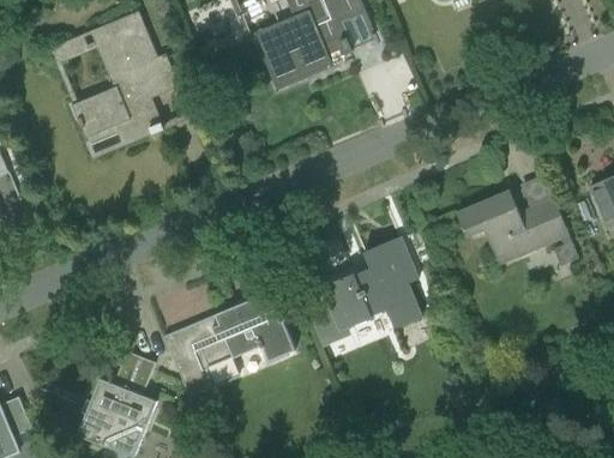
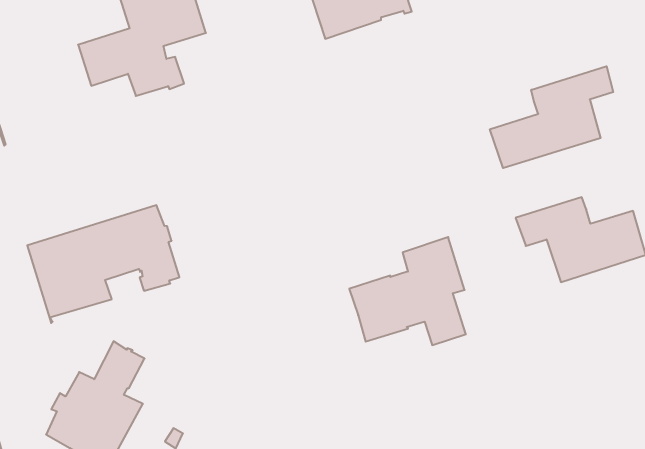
building: none -> [490,66,613,168]
building: [163,291,294,399] -> [27,205,179,323]

